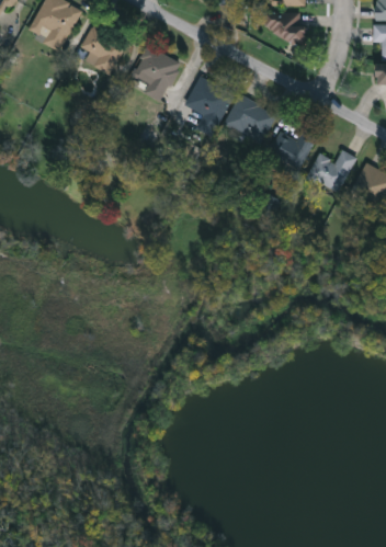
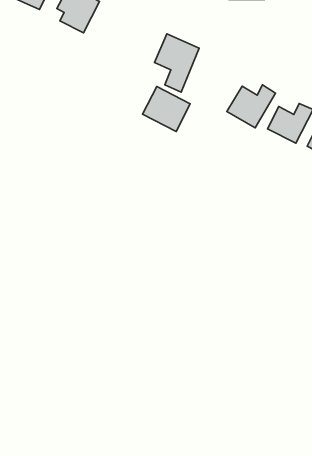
building: [134,45,182,102] -> none
building: [225,94,276,143] -> [142,87,190,131]

